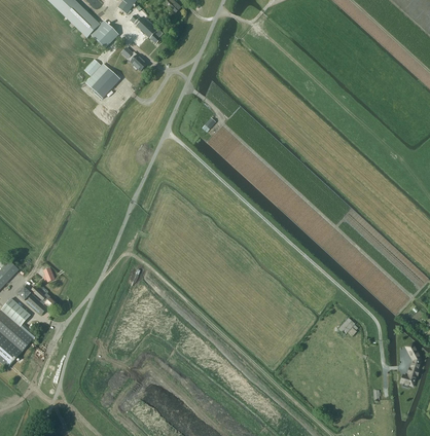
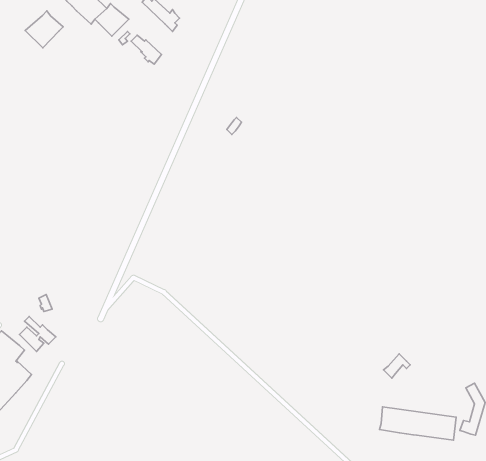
building: none -> [25,11,63,48]
building: [85,62,120,98] -> none
building: none -> [380,407,456,440]

